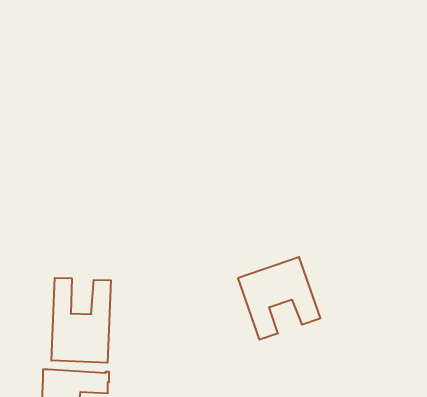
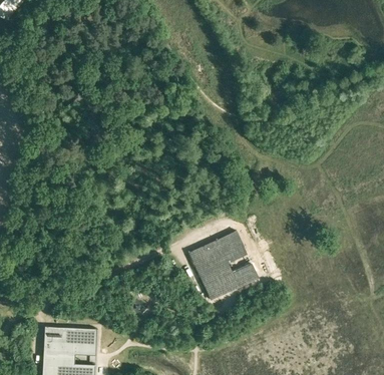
building: [51,278,111,363] -> none

